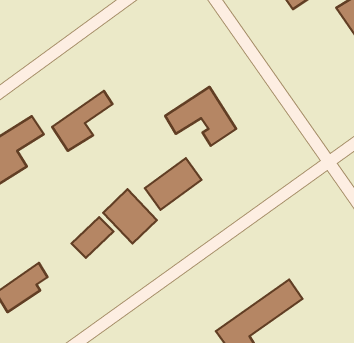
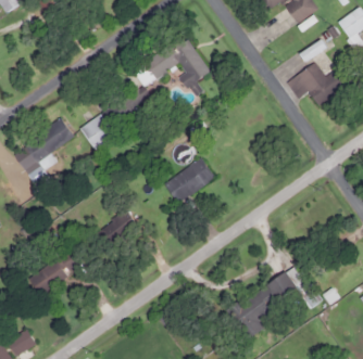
building: none -> [287,62,347,105]
building: [165,87,236,146] -> [146,35,210,88]
building: [103,189,157,244] -> none

